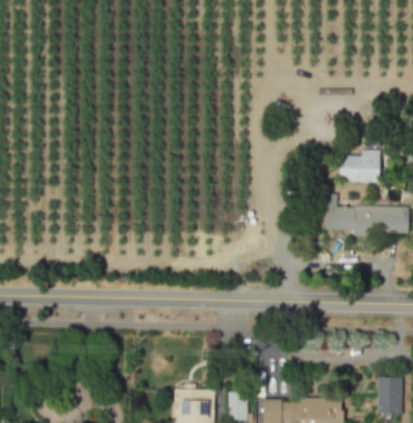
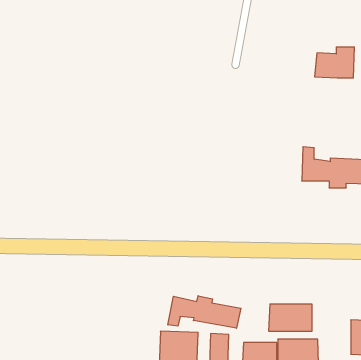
building: [338,149,380,182] -> [315,47,354,78]
building: none -> [168,296,241,328]
building: none -> [269,304,312,331]

